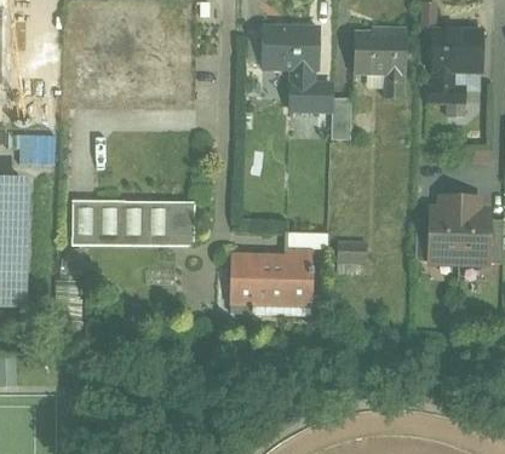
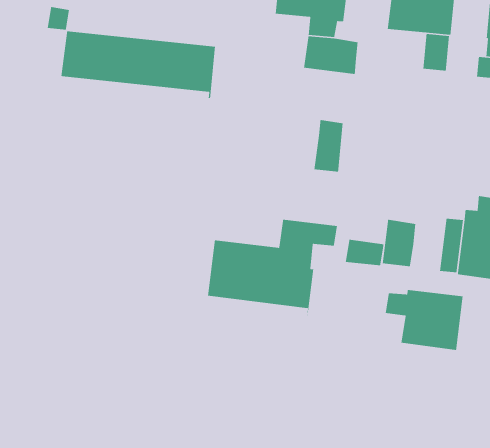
building: [331,97,351,138] -> [313,119,344,172]
building: [73,202,195,246] -> [60,30,216,99]
building: none -> [382,219,416,267]
building: none -> [385,289,464,351]

